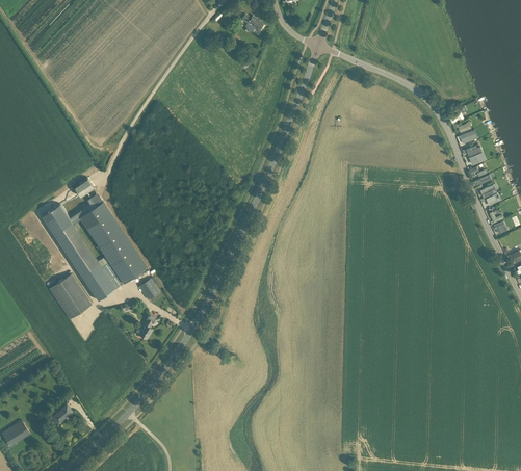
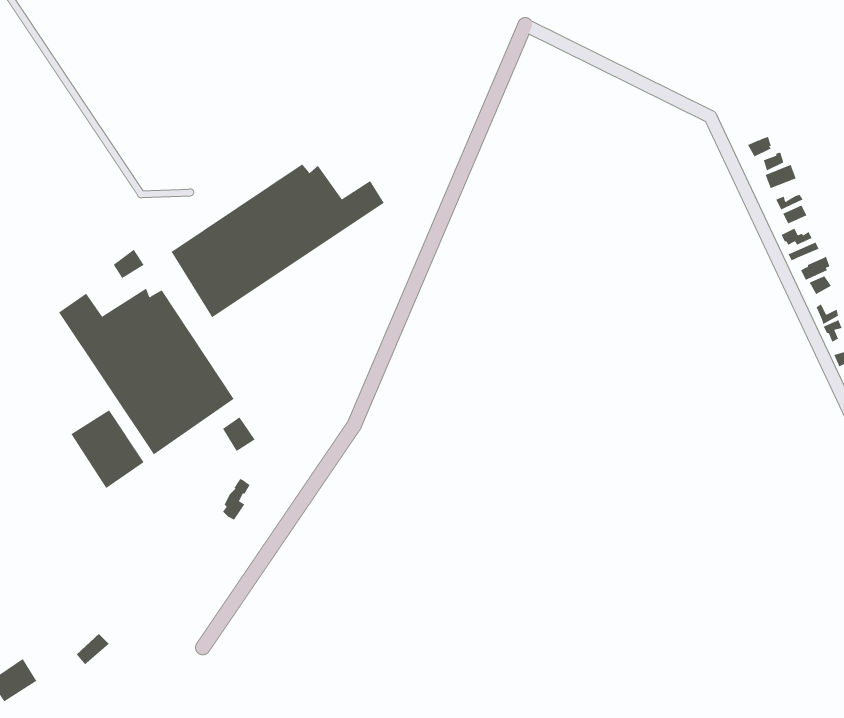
building: none -> [171,164,385,318]

